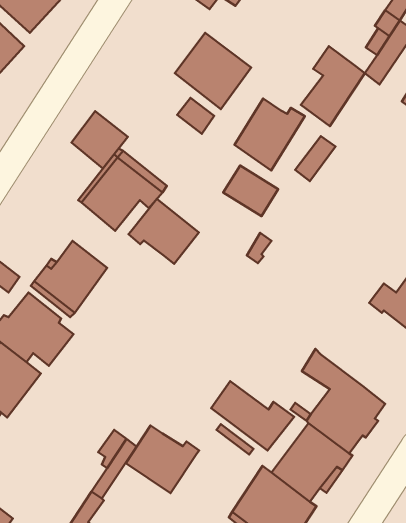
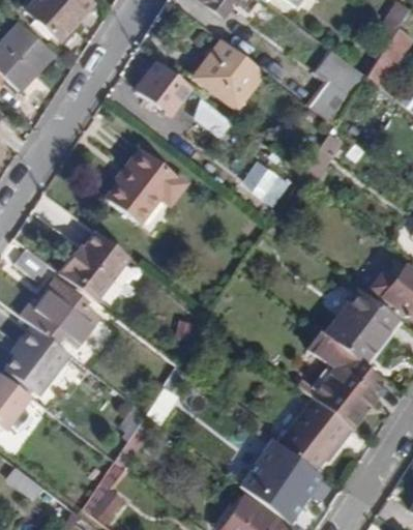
building: [234,98,305,170] -> none
building: [71,111,128,168] -> [138,63,189,116]
building: [128,199,199,264] -> none
building: none -> [327,290,400,365]
building: [211,381,294,450] -> none
building: [126,425,199,493] -> none

